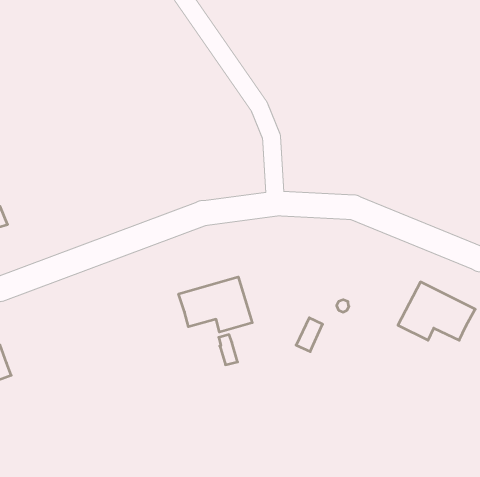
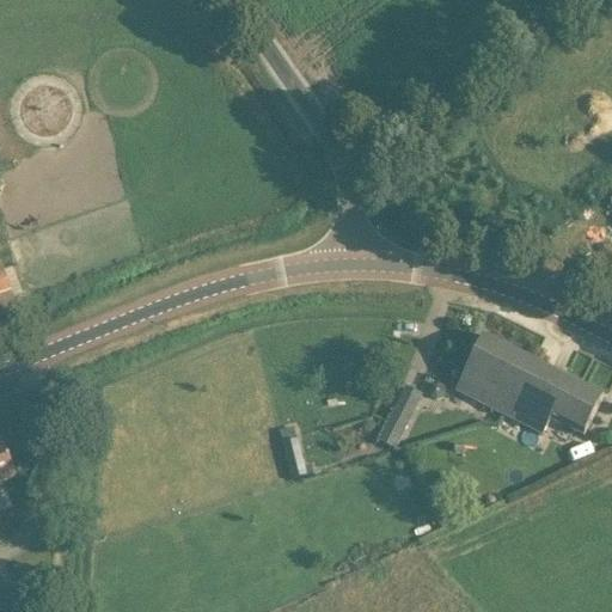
building: none -> [453,331,533,412]
building: [179,277,252,332] -> none

